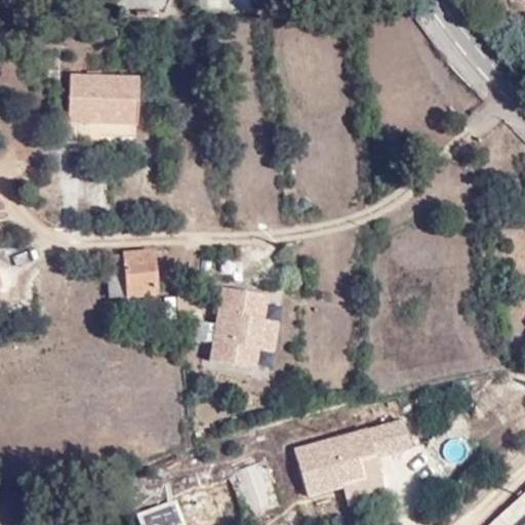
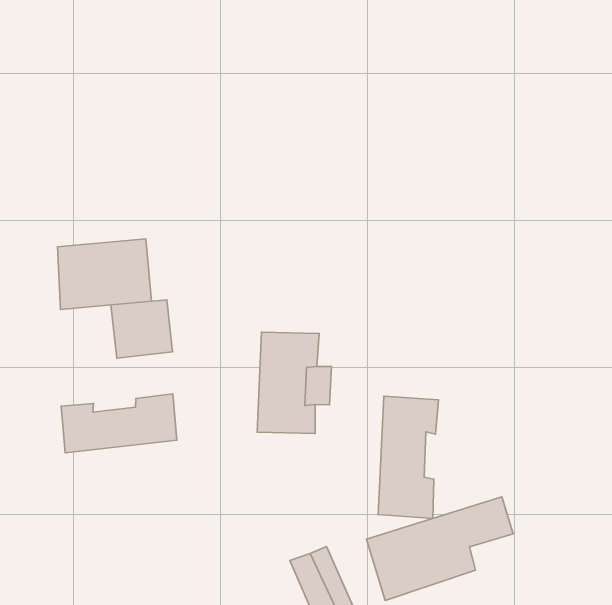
building: [66,76,137,125] -> [57,239,152,309]
building: none -> [61,394,177,453]
building: none -> [378,396,438,518]

